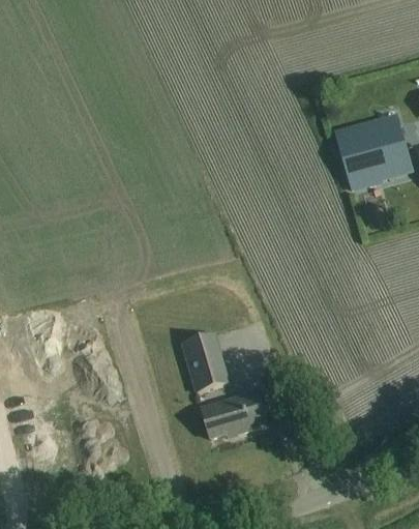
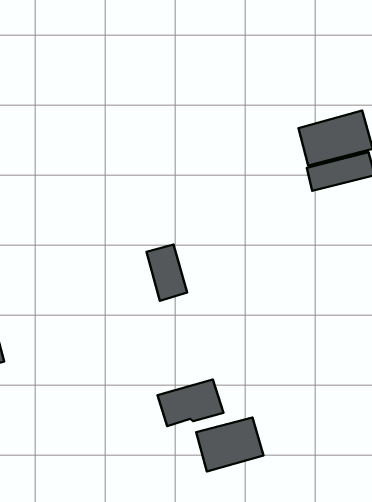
building: [182,332,222,388] -> [146,245,187,301]
building: none -> [196,418,264,471]

